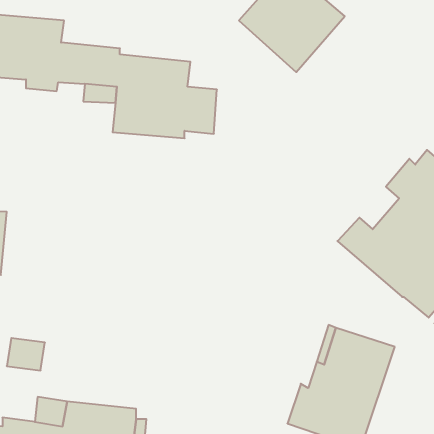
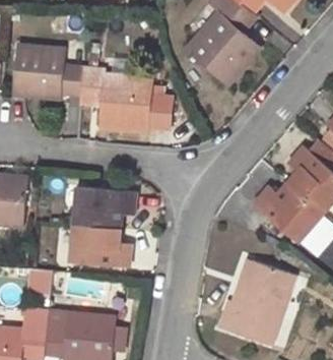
building: none -> [69,186,134,268]

